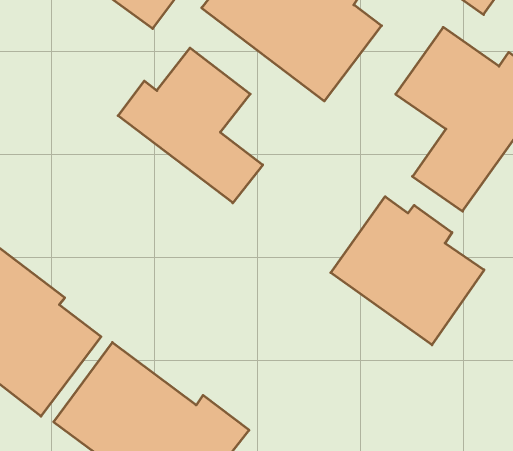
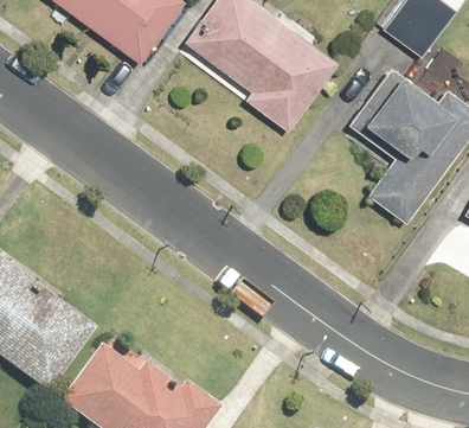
building: [118,48,263,203] -> none
building: [331,197,484,345] -> none

